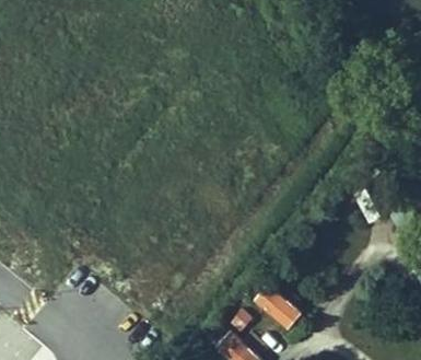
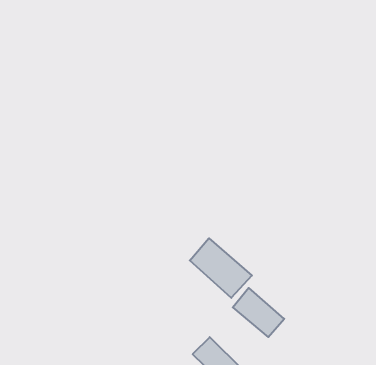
building: none -> [190,238,252,298]

